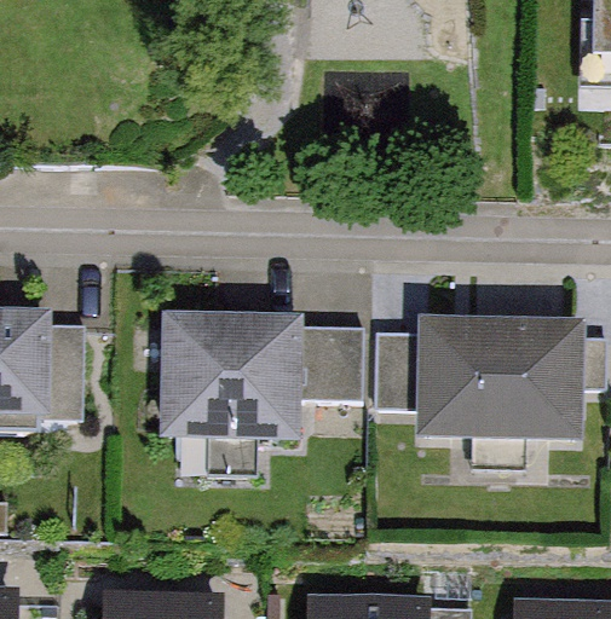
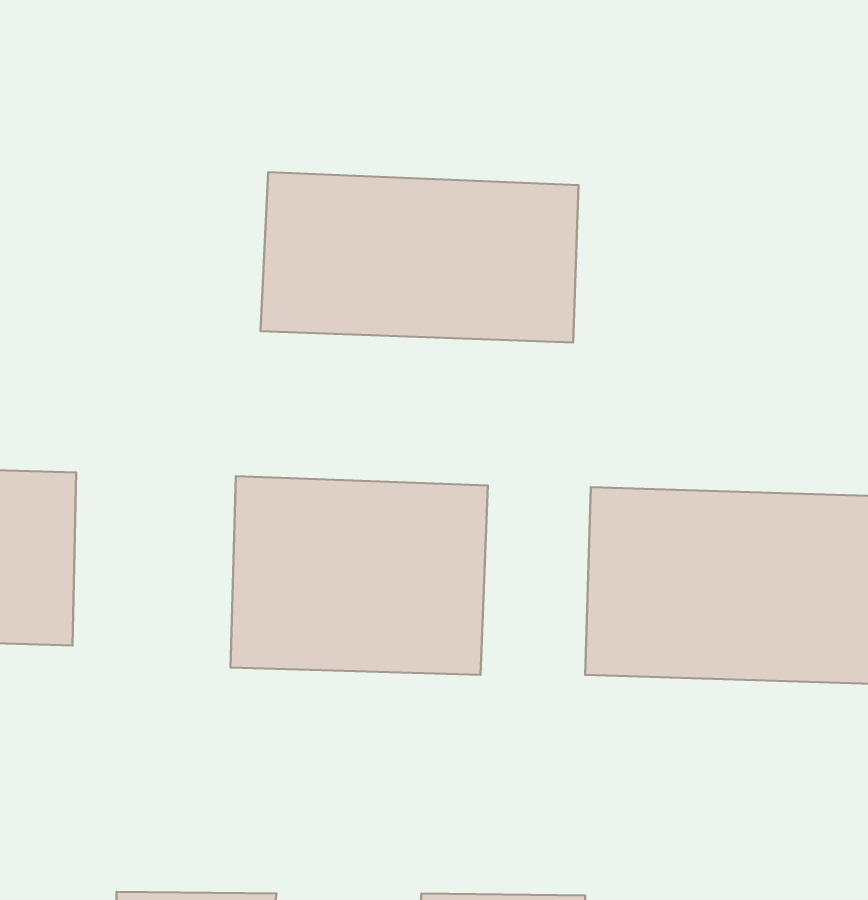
building: none -> [261,172,578,343]

